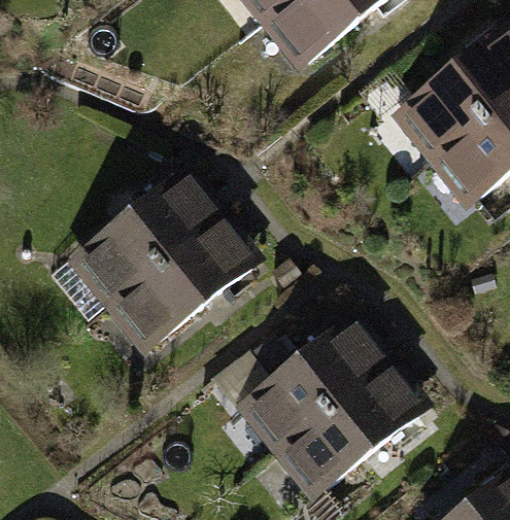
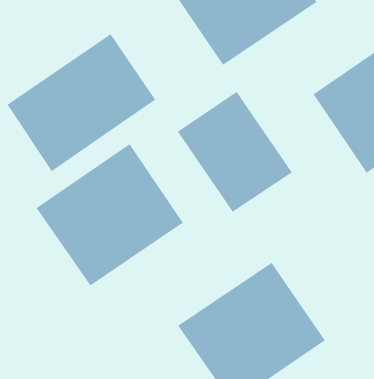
building: none -> [6,33,156,172]
building: none -> [177,91,293,213]

